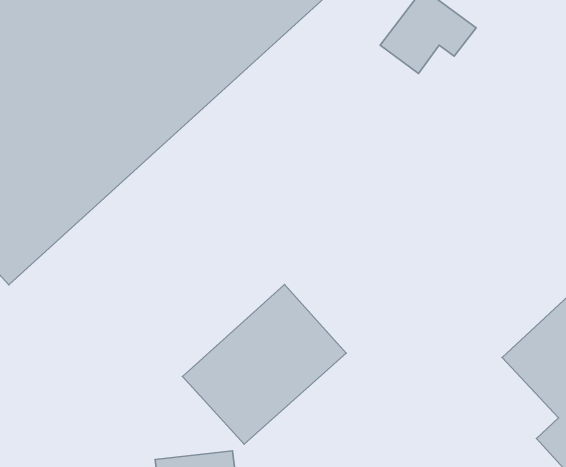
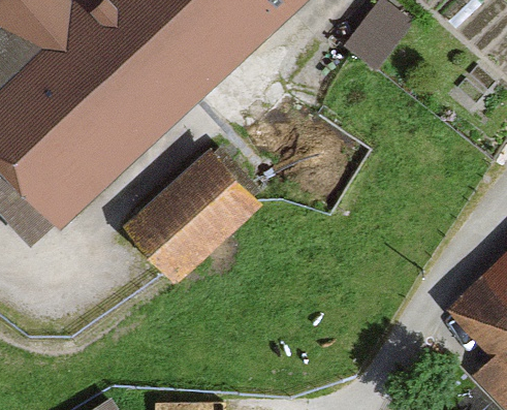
building: [182,284,346,444] -> [126,149,263,283]

